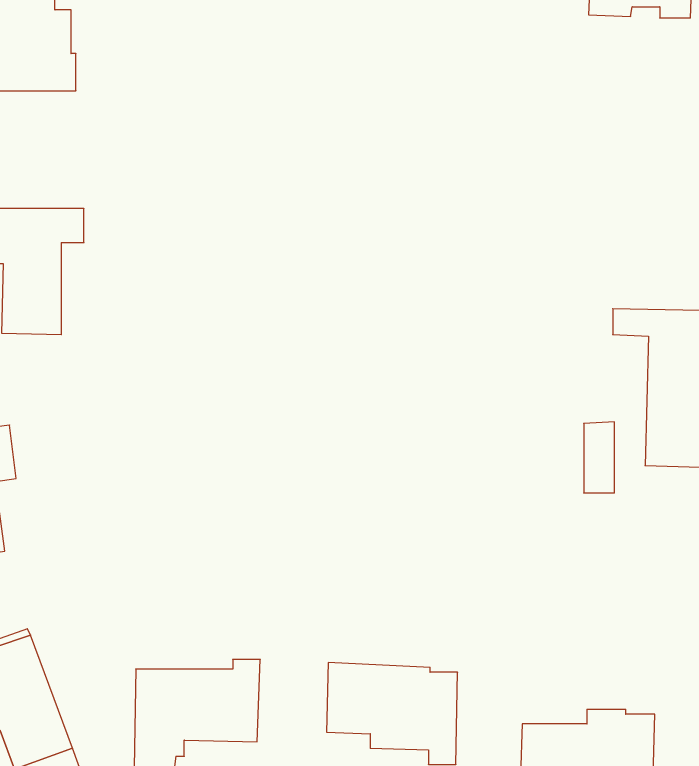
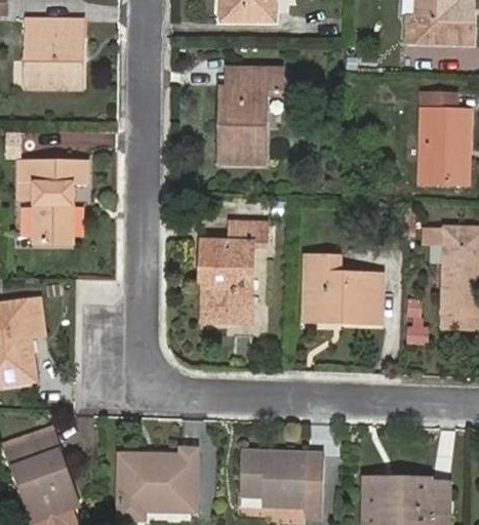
building: none -> [219,69,281,164]
building: none -> [421,93,470,185]
building: none -> [201,223,266,319]
building: none -> [304,256,382,322]

